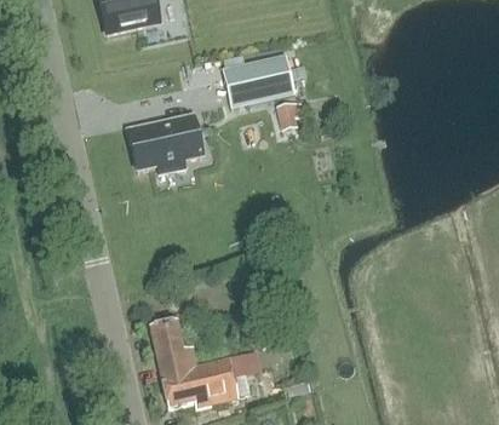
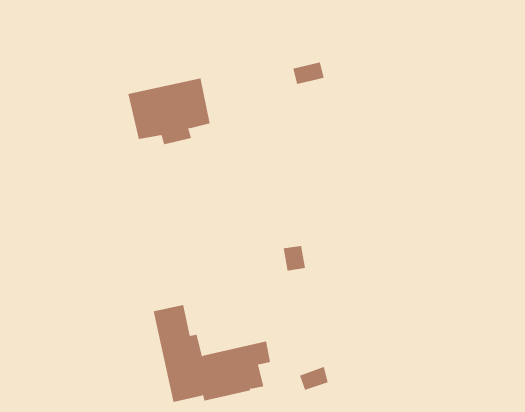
building: [222,53,293,105] -> none

